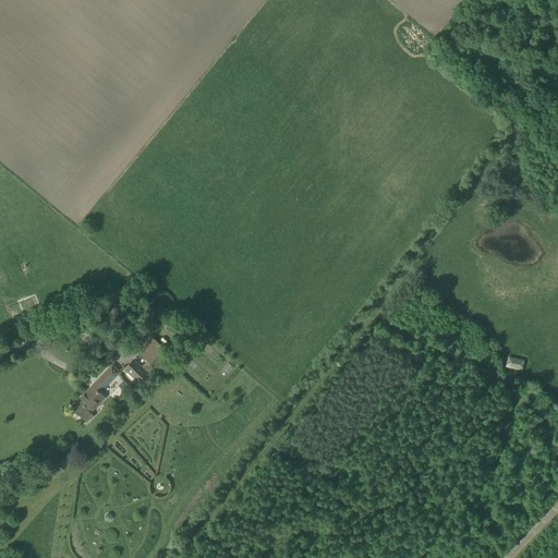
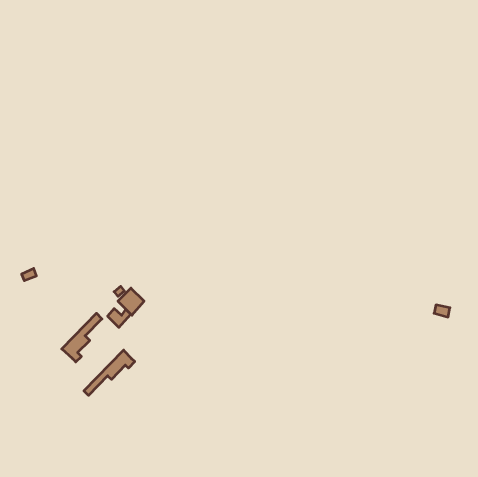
building: none -> [84,350,135,395]

